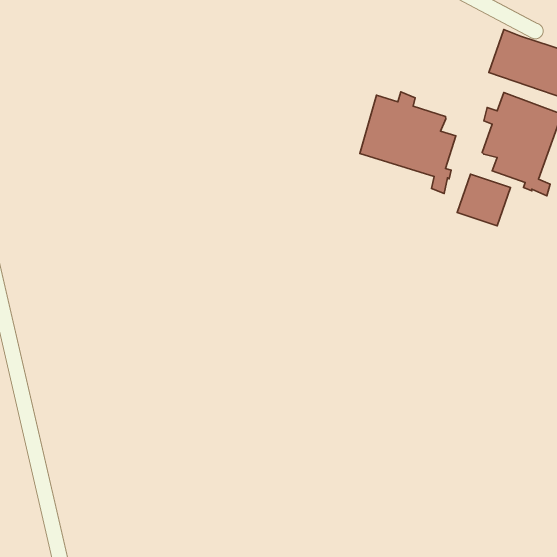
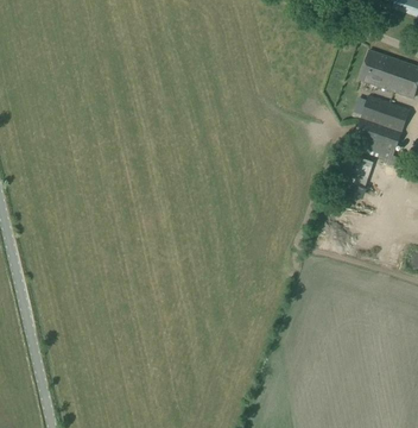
building: [360,92,456,193] -> none

